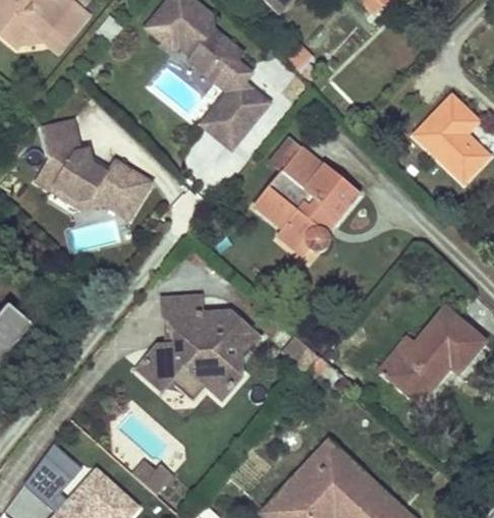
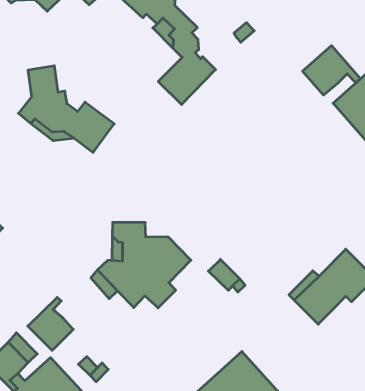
building: none -> [303,46,360,95]
building: [254,137,361,250] -> none
building: none -> [28,297,73,350]

